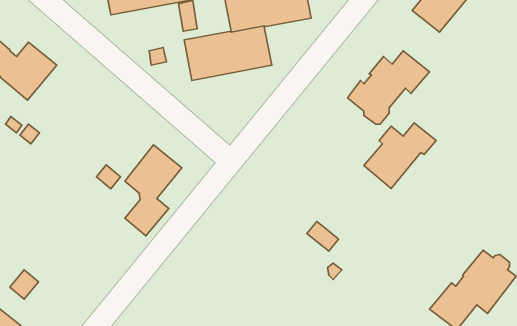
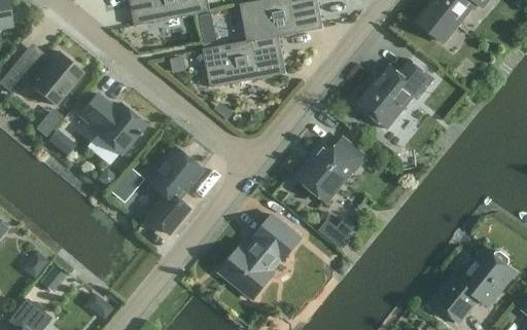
building: none -> [78,94,144,154]
building: [364,123,436,189] -> [298,140,366,201]
building: none -> [219,215,301,299]

